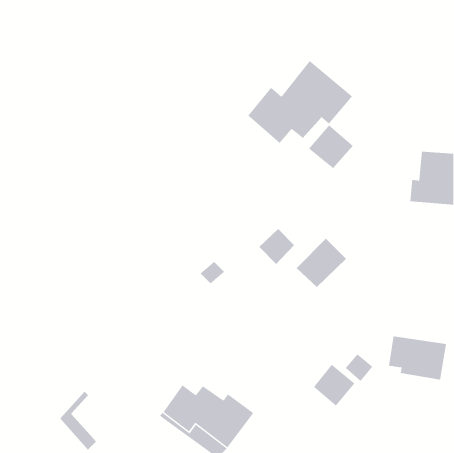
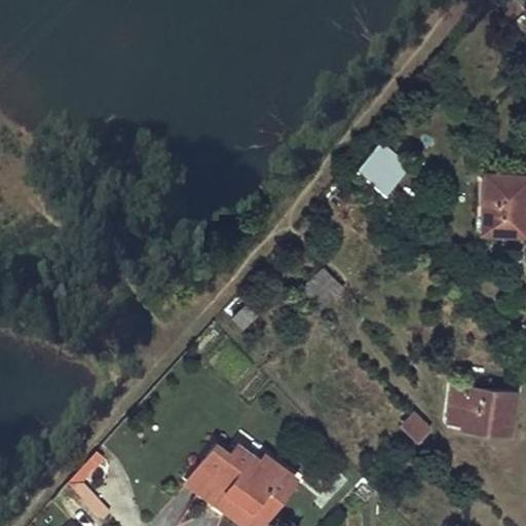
building: [247,60,353,144] -> none
building: [296,238,347,288] -> none
building: [313,364,355,407] -> none

